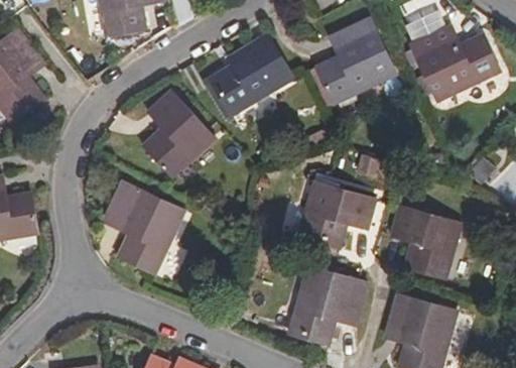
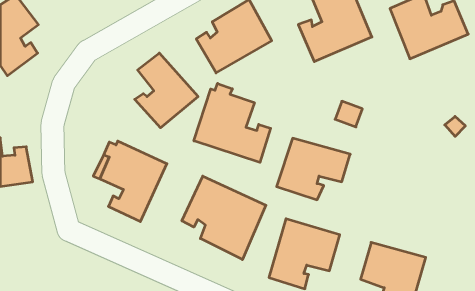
building: none -> [194,83,271,162]
building: [392,207,460,277] -> none
building: none -> [182,176,266,260]

